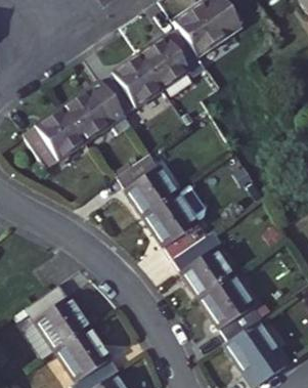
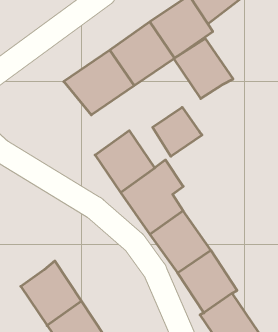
building: none -> [174,39,233,99]
building: [31,102,100,169] -> none
building: none -> [153,107,202,156]

